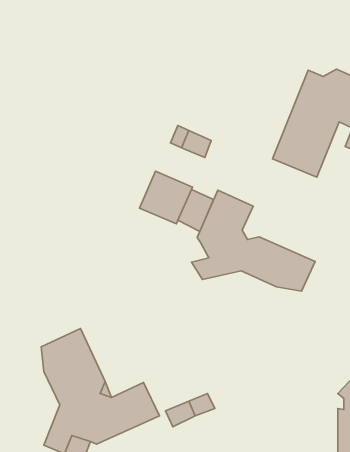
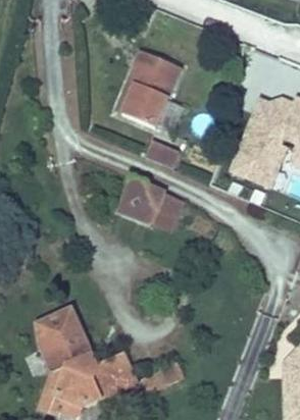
building: none -> [121,50,181,127]
building: [191,190,315,291] -> none

